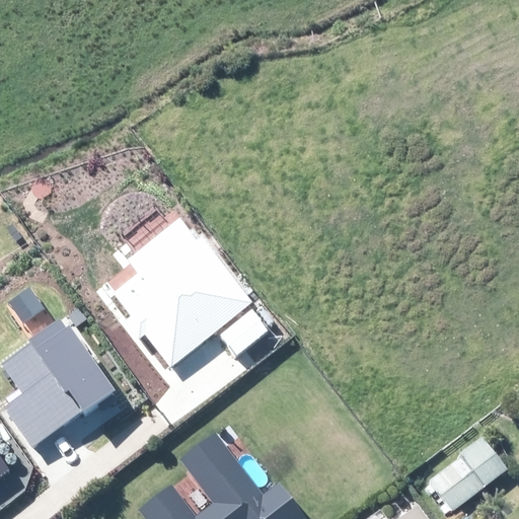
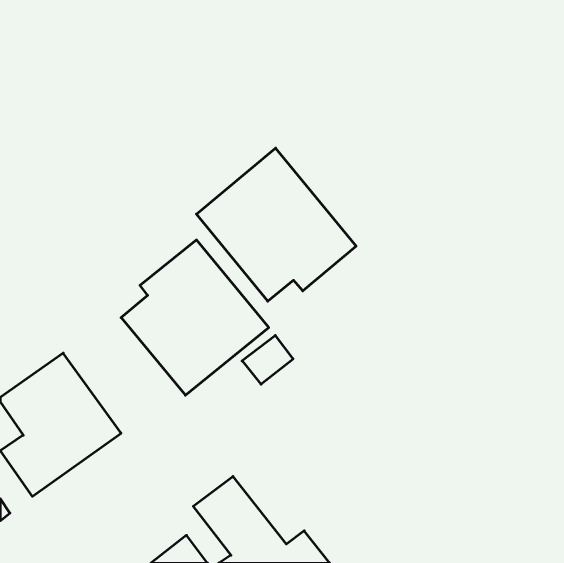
building: none -> [196,148,356,301]
building: [431,435,509,510] -> none

